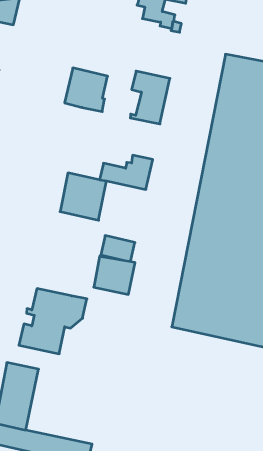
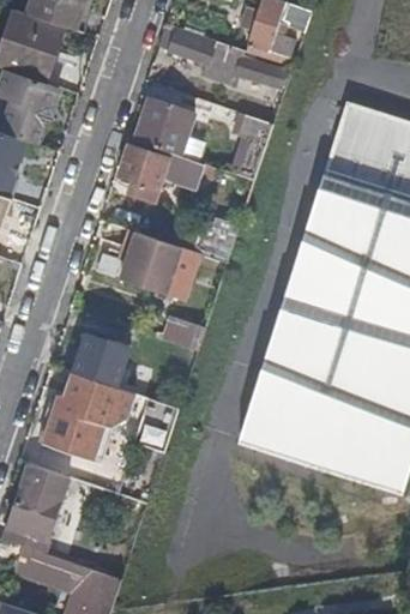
building: none -> [158,24,285,90]
building: none -> [119,145,217,204]
building: [94,256,135,294] -> [74,335,131,387]

